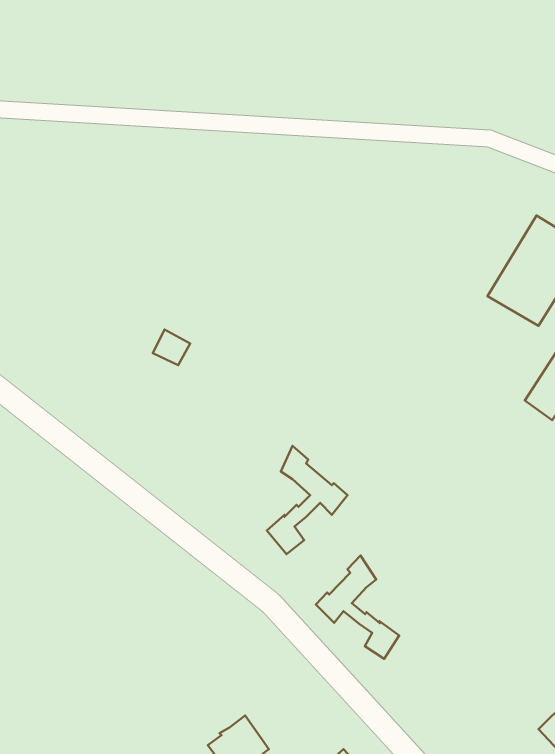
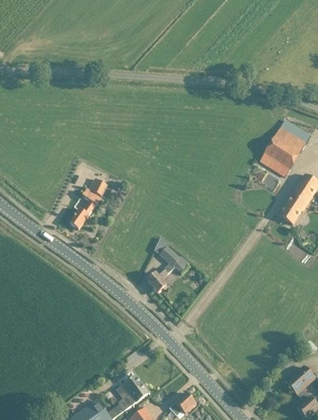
building: none -> [69,187,101,229]
building: [316,555,399,659] -> none

